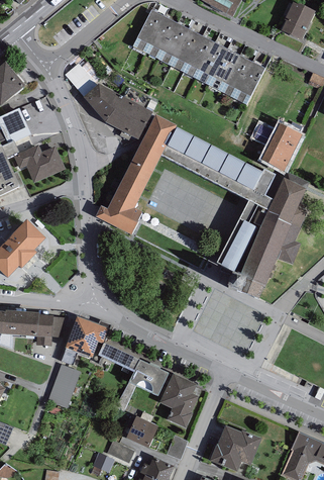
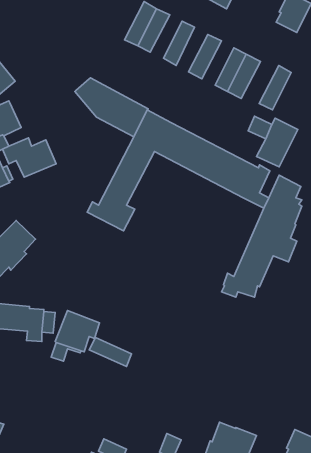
building: [157,23,189,66] -> none
building: [183,35,214,79] -> none
building: [208,49,239,92] -> [259,65,291,110]
building: [65,62,98,97] -> none
building: [20,94,62,140] -> none
building: [216,202,268,279] -> none
building: [128,355,169,392] -> none
building: [47,361,80,405] -> none
building: [159,370,201,424] -> none
building: [122,411,158,444] -> none

